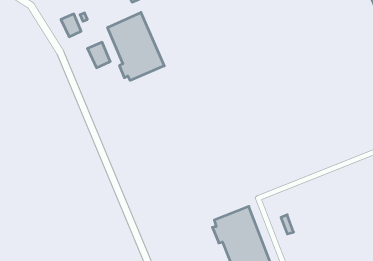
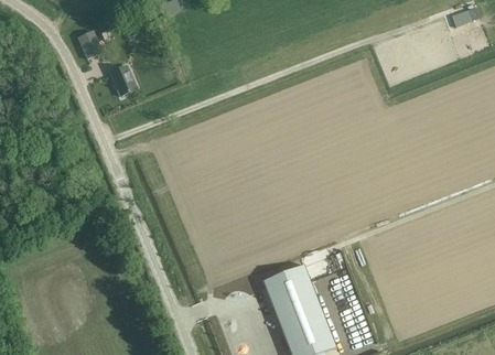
building: [108,12,164,80] -> none

